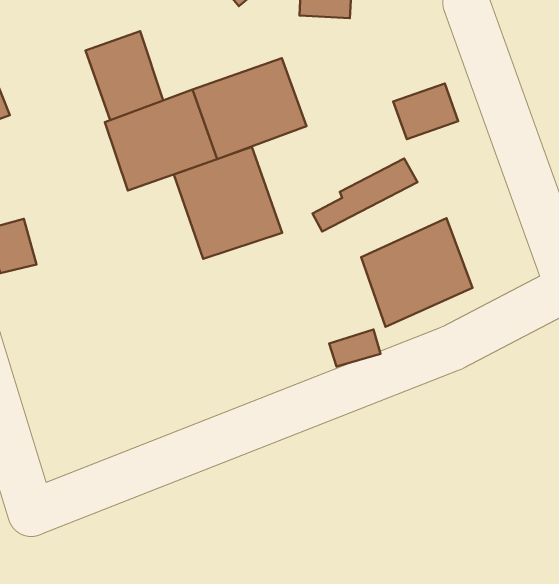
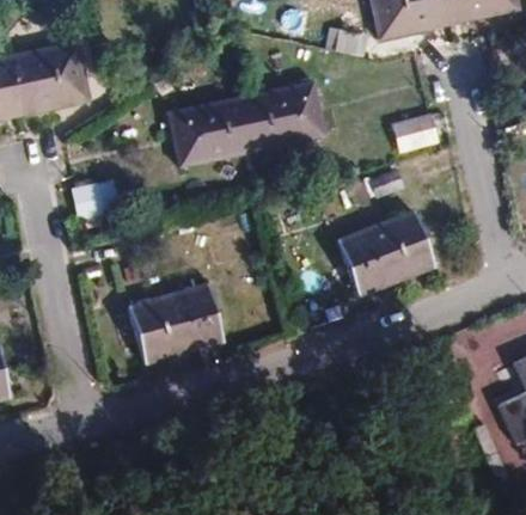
building: [85,31,163,120] -> none
building: [174,147,282,259] -> none
building: none -> [137,287,226,361]

